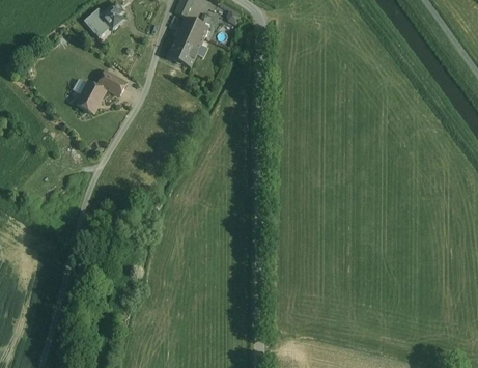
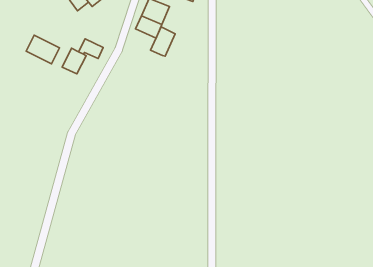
building: none -> [151,27,175,56]
building: none -> [26,35,59,64]

